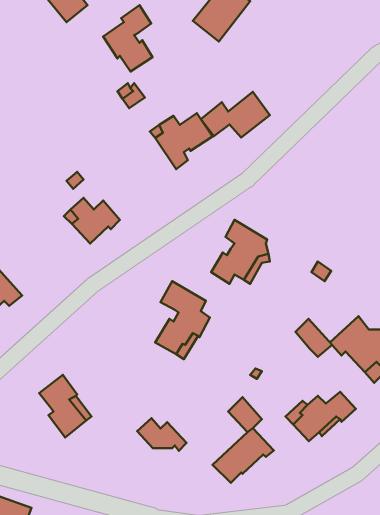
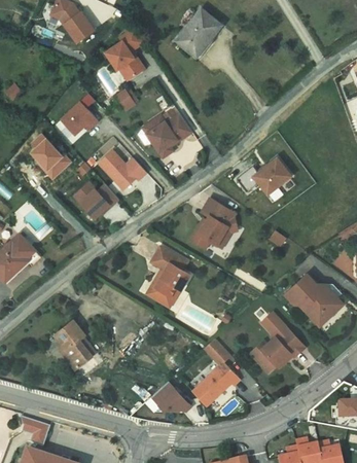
building: [201,92,270,137] -> [236,157,290,193]
building: none -> [60,100,97,133]
building: none -> [29,135,69,179]
building: none -> [99,149,145,187]
building: [296,319,332,357] -> [263,313,292,343]
building: [137,418,187,451] -> [151,386,190,412]

